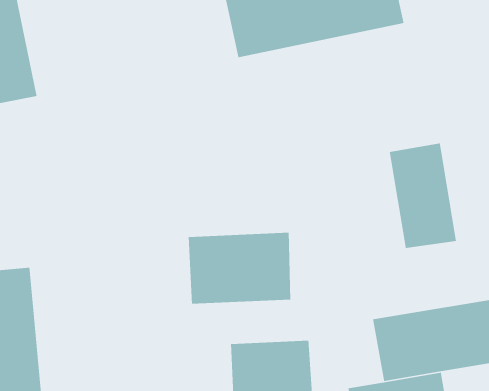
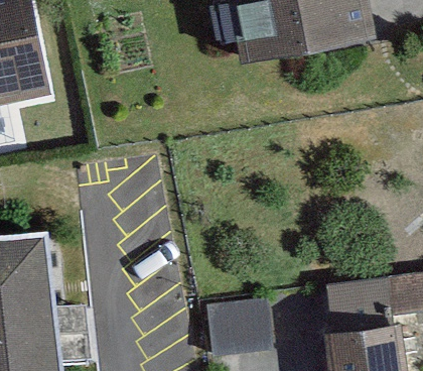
building: [389,142,457,249] -> none
building: [188,232,291,305] -> none

